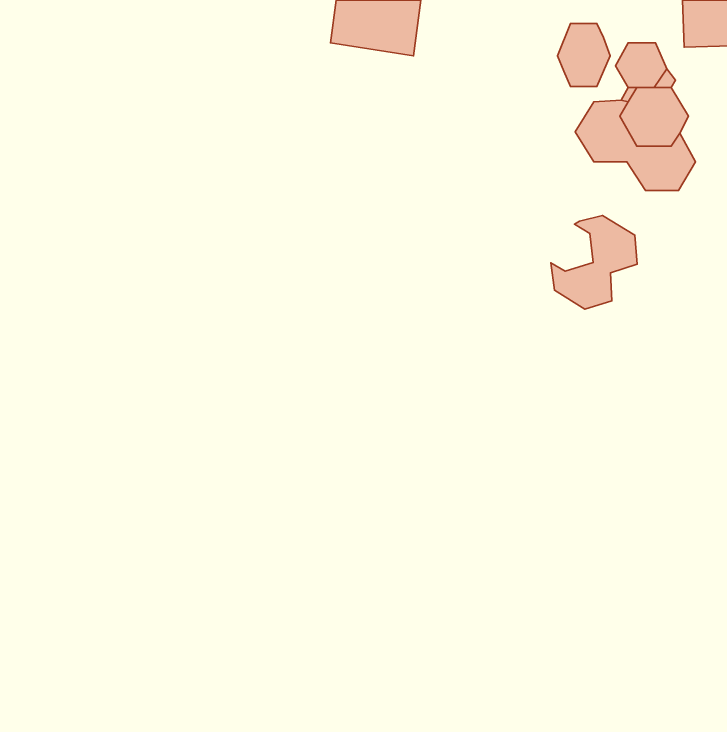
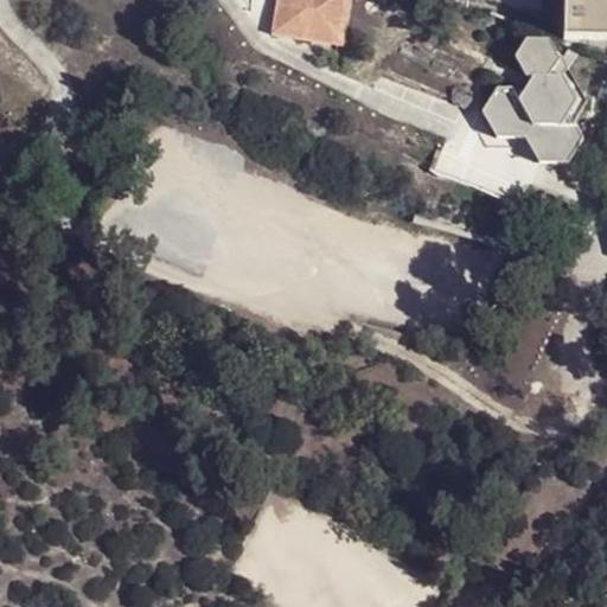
building: [557,24,610,87] -> none
building: [551,215,637,309] -> none

